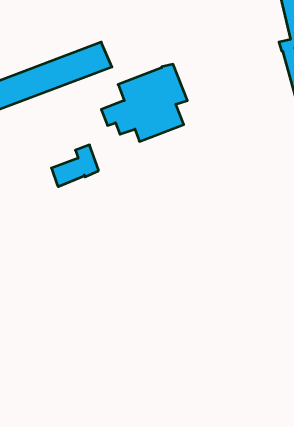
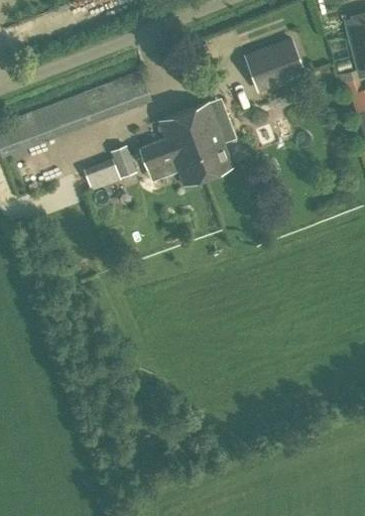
building: none -> [245,40,306,95]
building: [51,145,98,187] -> [83,143,136,190]

